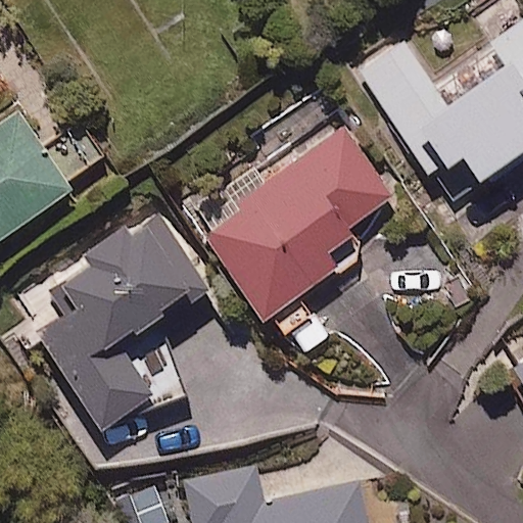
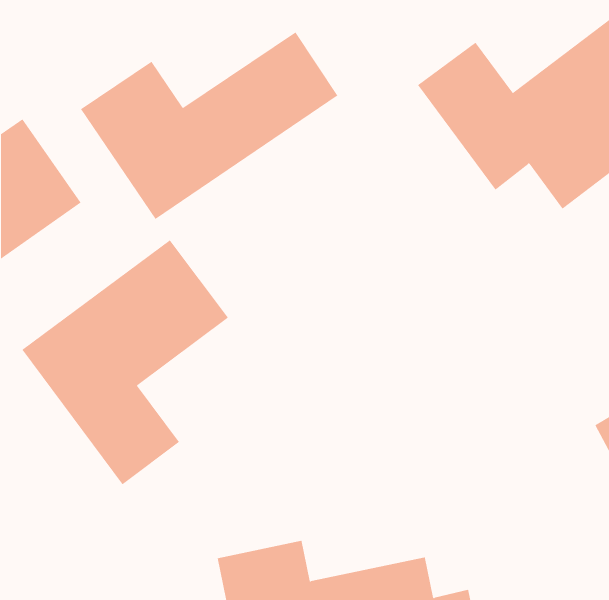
building: none -> [80,31,338,220]
building: [192,136,391,318] -> none

